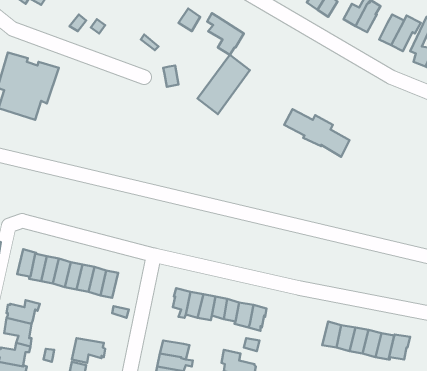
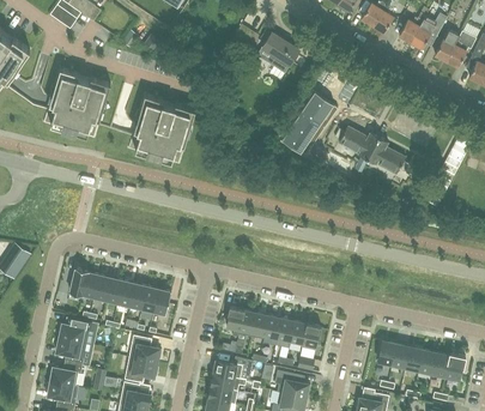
building: [198,55,250,114] -> [284,92,337,152]
building: none -> [134,95,195,162]
building: none -> [129,334,162,362]

